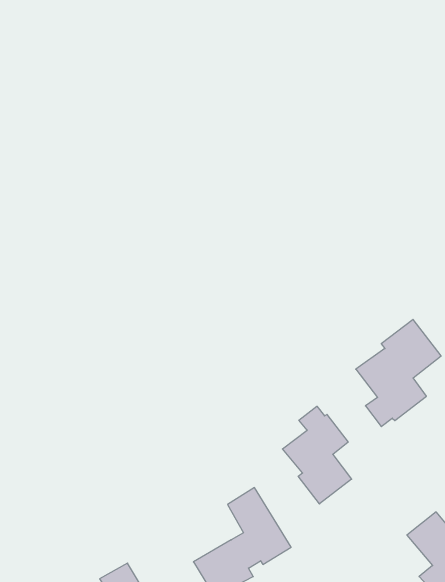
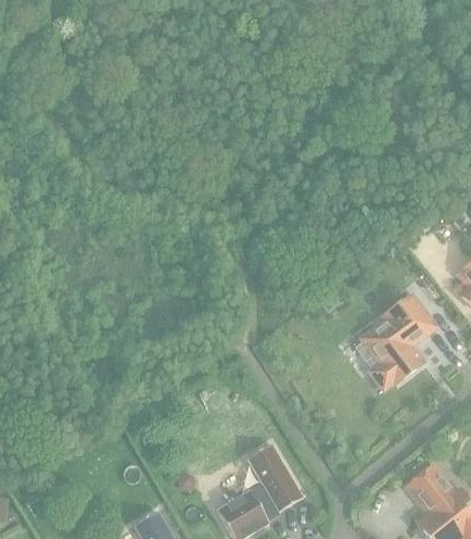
building: [282,406,352,504] -> none

